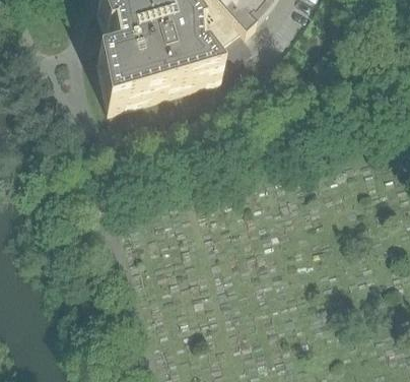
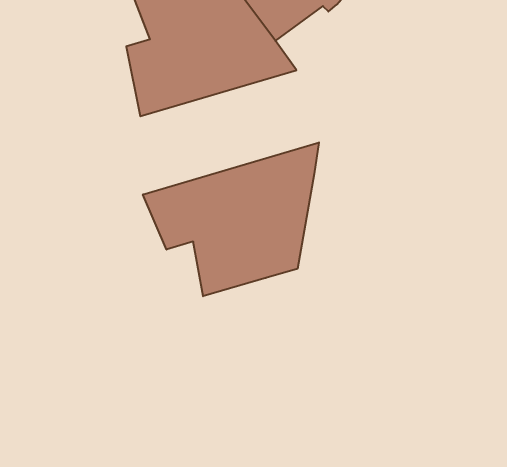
building: none -> [143,142,319,296]

